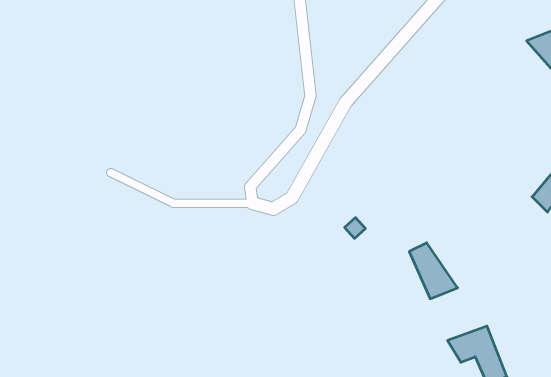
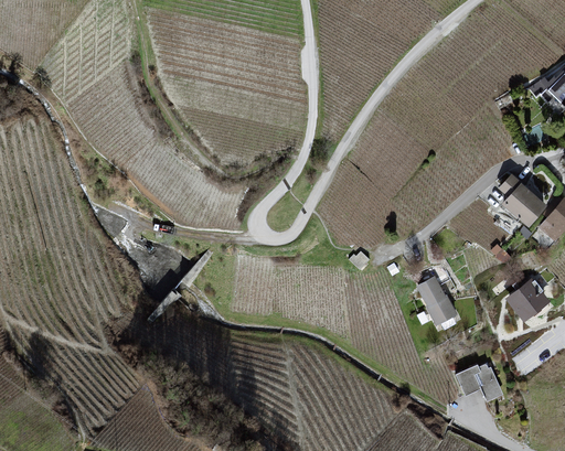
building: none -> [497,174,547,227]
building: none -> [509,280,551,321]

